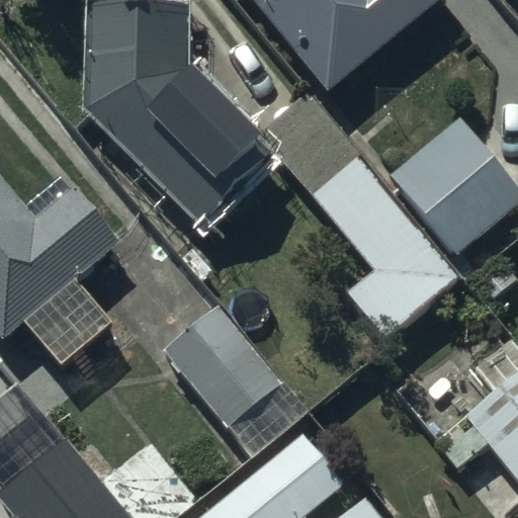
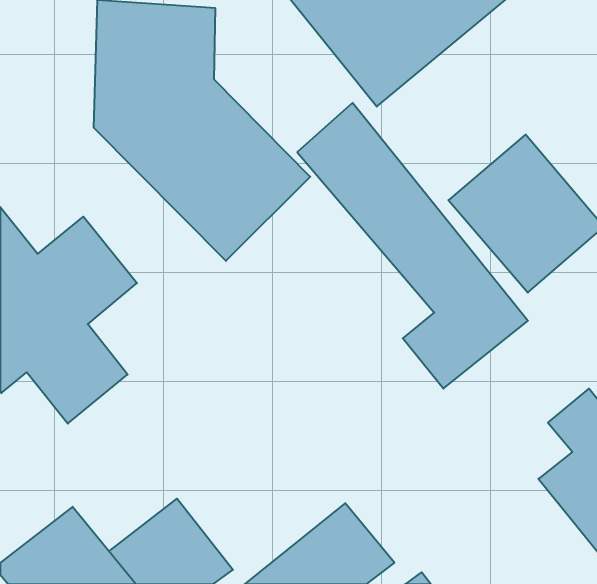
building: [164,304,311,454] -> none

